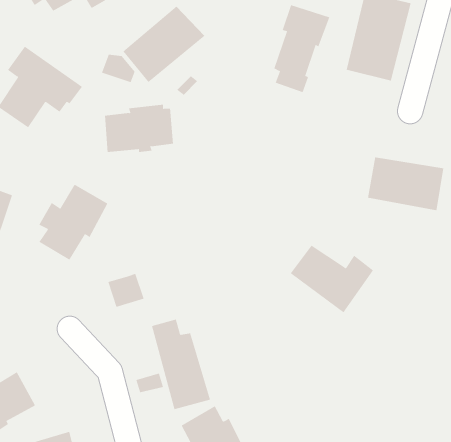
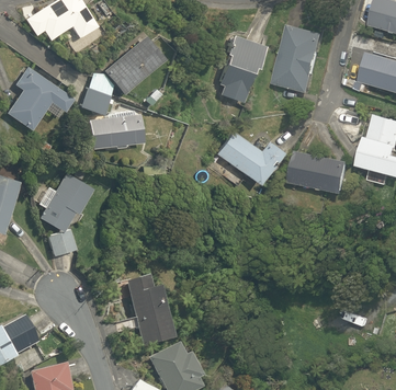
building: none -> [79,87,109,114]
building: [290,245,374,313] -> [215,131,280,184]
building: [107,273,144,307] -> [46,229,75,255]

